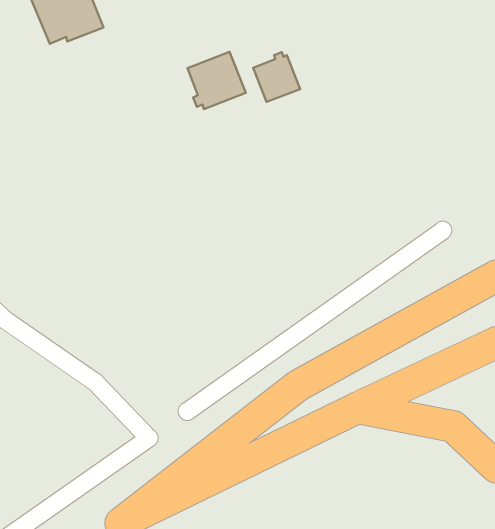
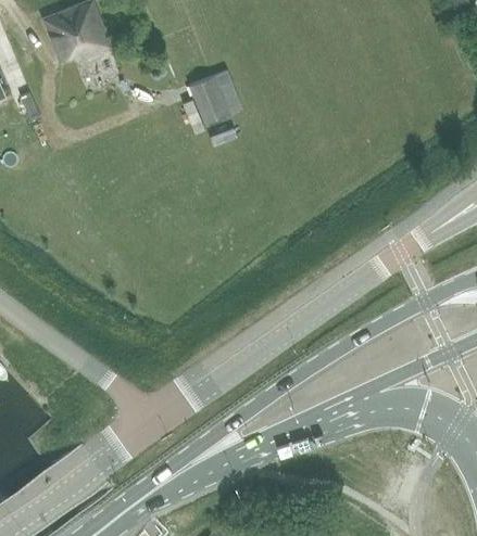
building: [253,52,300,102] -> none

